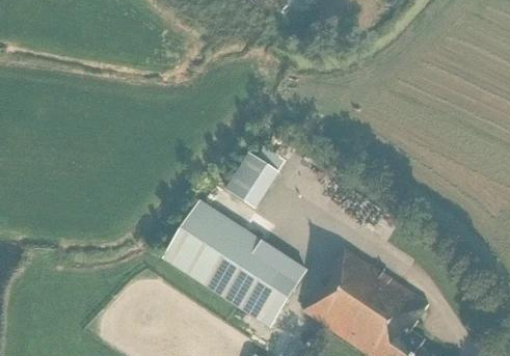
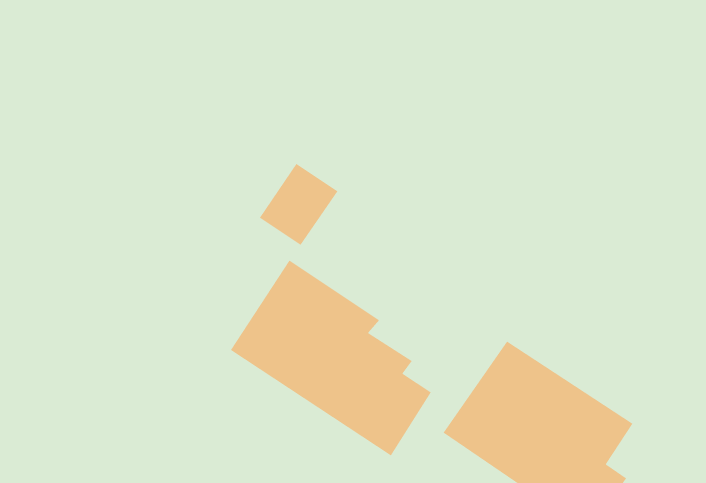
building: [226,153,279,208] -> [259,163,339,246]

